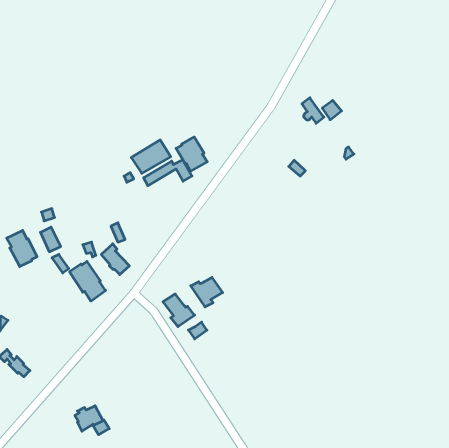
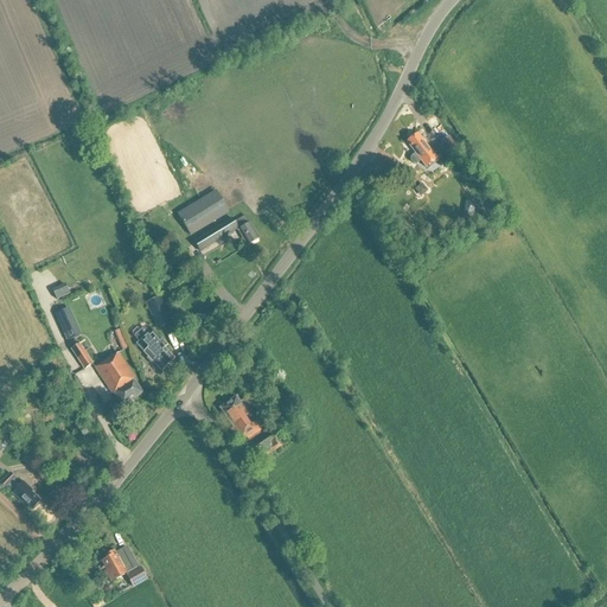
building: [176,137,207,171] -> none
building: [7,230,37,267] -> none
building: [191,277,223,307] -> none

